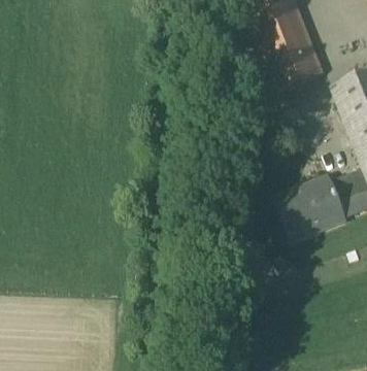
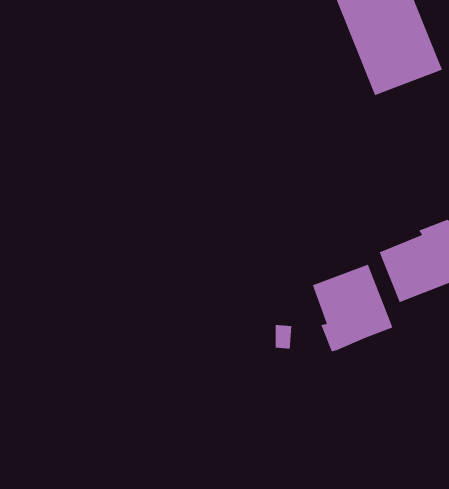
building: none -> [312,264,393,352]

